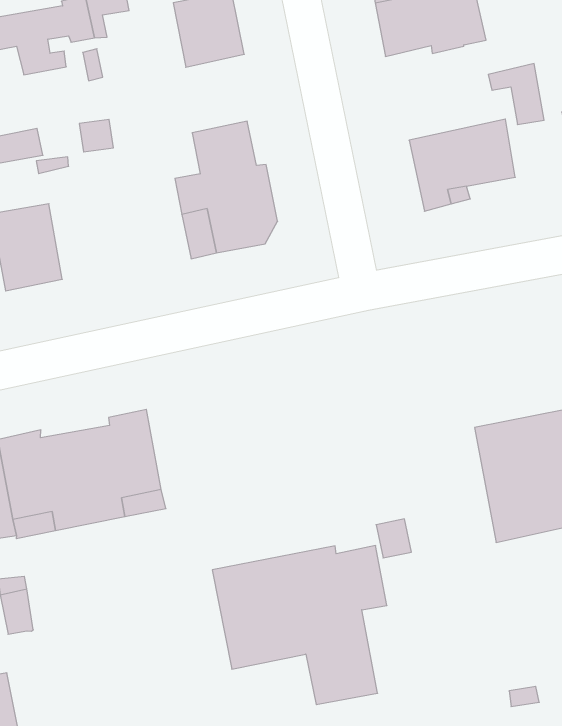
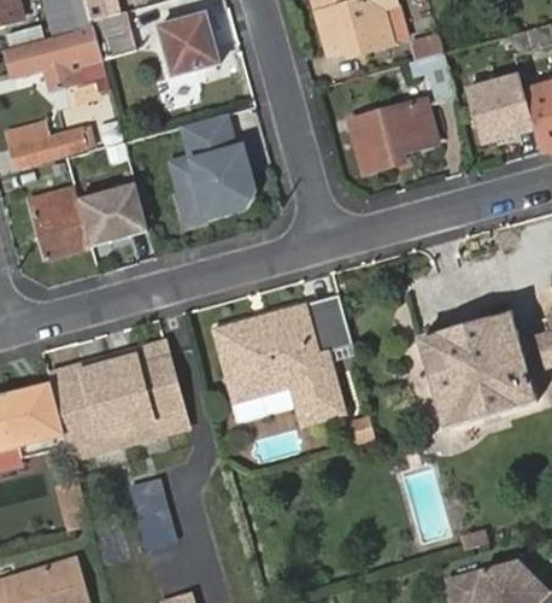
building: none -> [80,186,148,244]
building: [212,546,387,705] -> [213,302,351,428]
building: none -> [128,476,178,550]

